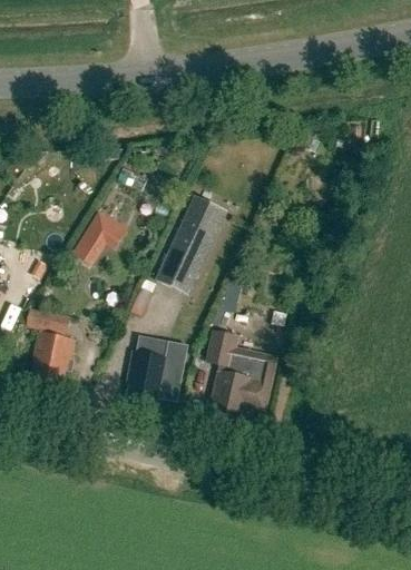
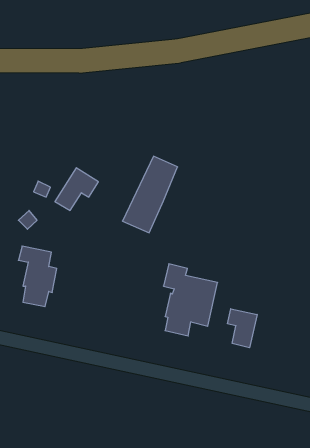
building: [128,340,188,403] -> none
building: none -> [228,309,257,348]

